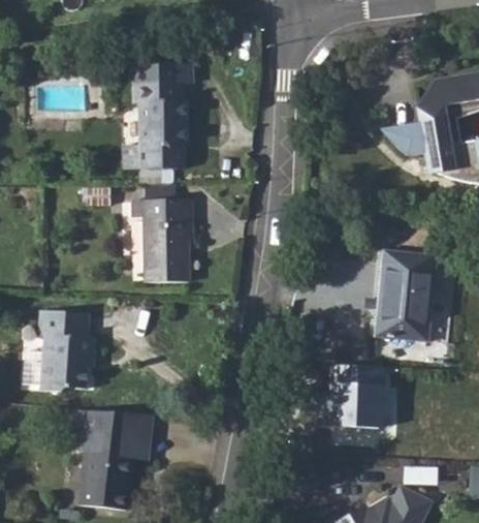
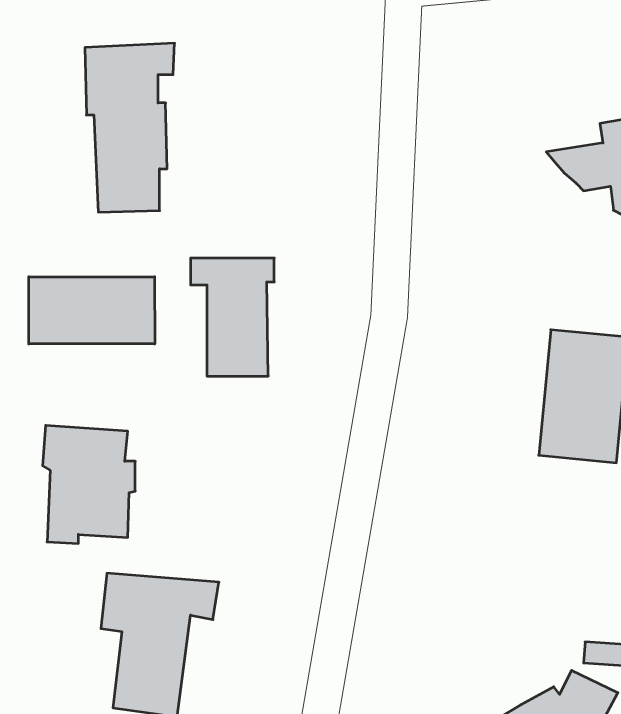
building: [130,61,192,178] -> [85,43,175,212]
building: none -> [29,277,155,344]
building: [324,362,386,427] -> none

